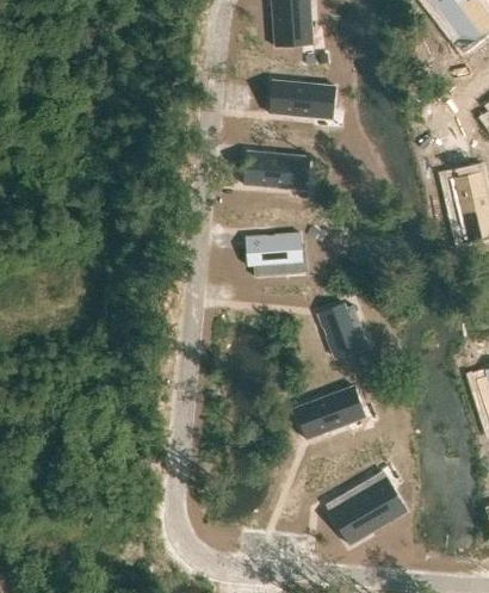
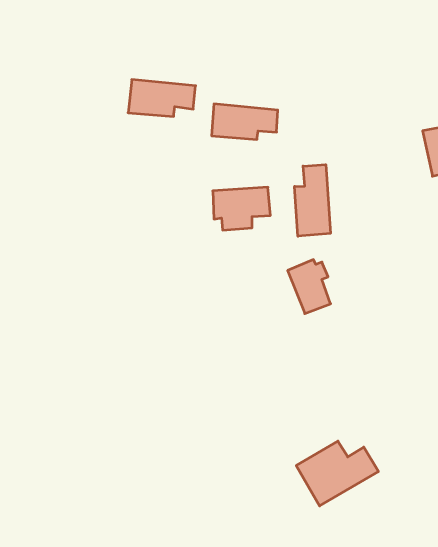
building: [270,81,335,117] -> [128,80,196,116]
building: none -> [295,165,330,236]
building: [295,387,361,439] -> none

